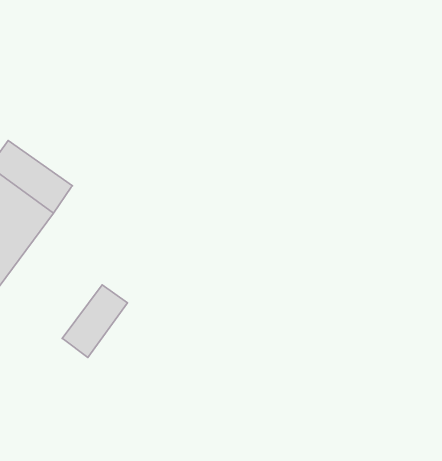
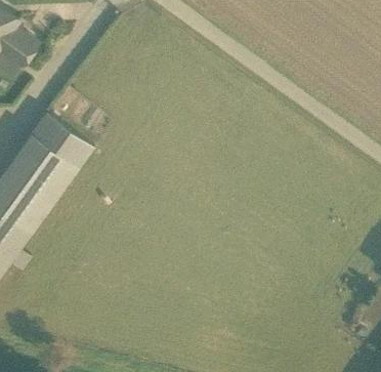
building: [62,285,127,358] -> none

